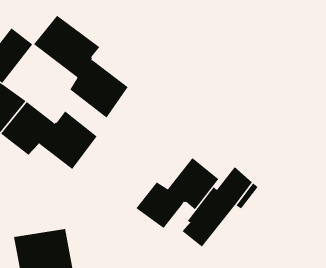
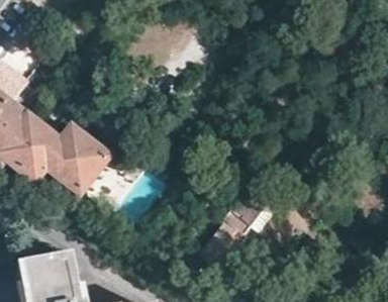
building: [33,15,128,118] -> none
building: [136,157,219,229] -> none

